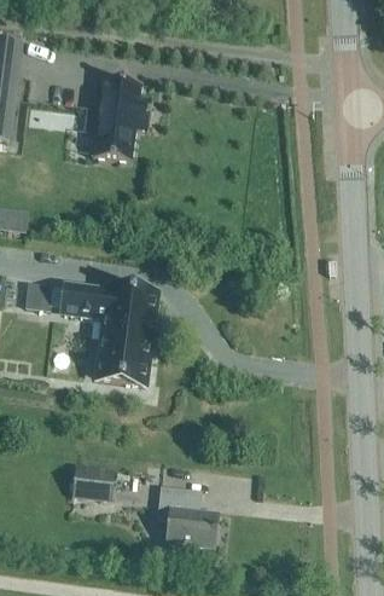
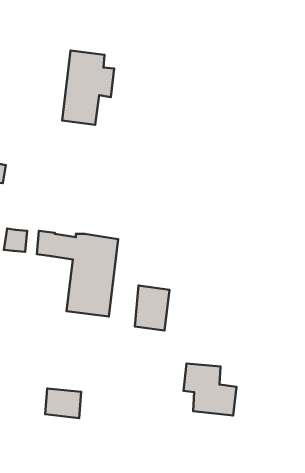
building: none -> [135,286,170,330]
building: [157,487,217,546] -> [183,363,236,415]

